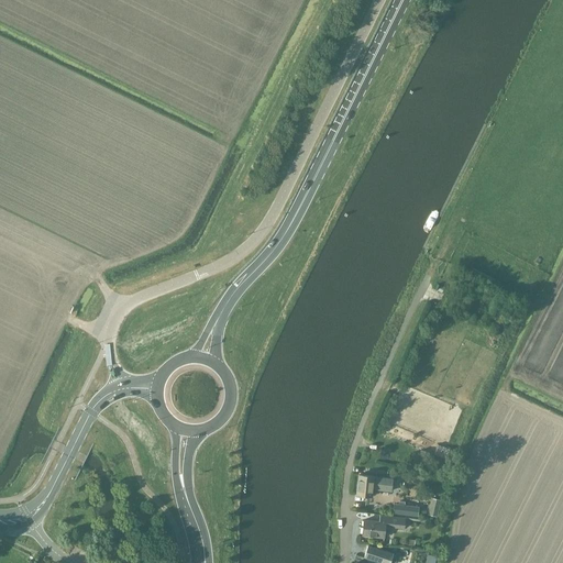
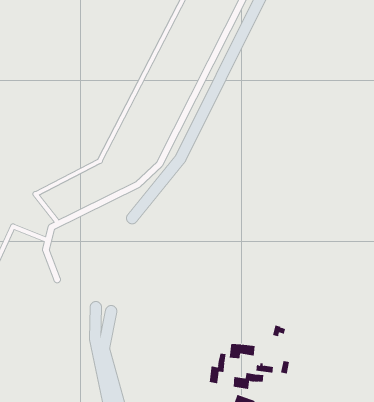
building: none -> [209,353,226,384]

